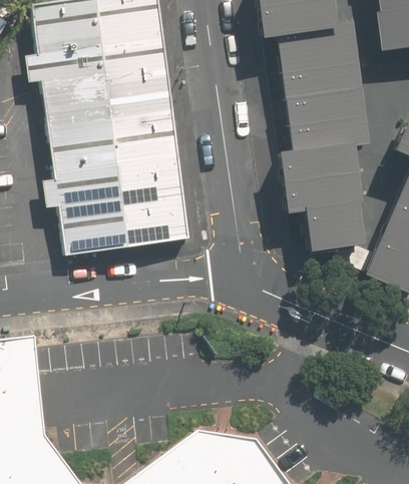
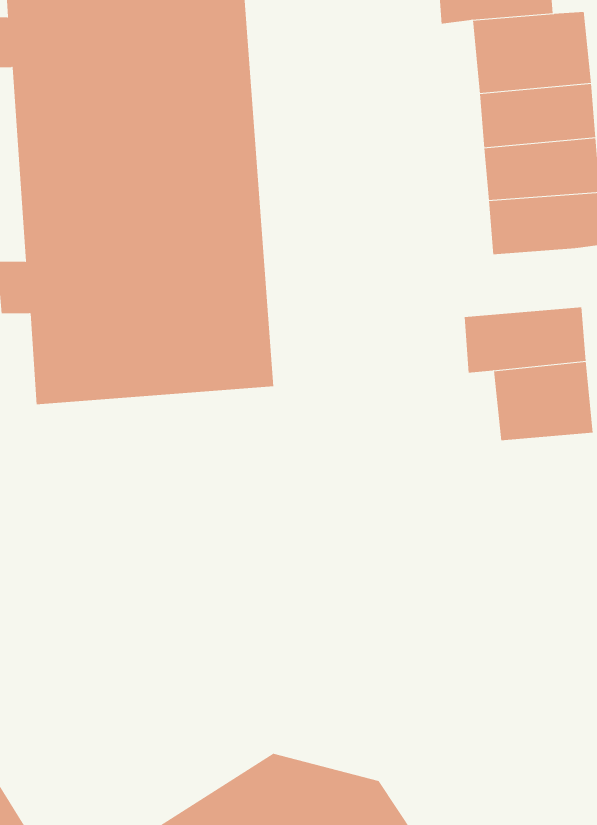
building: [281,155,346,194] -> none

